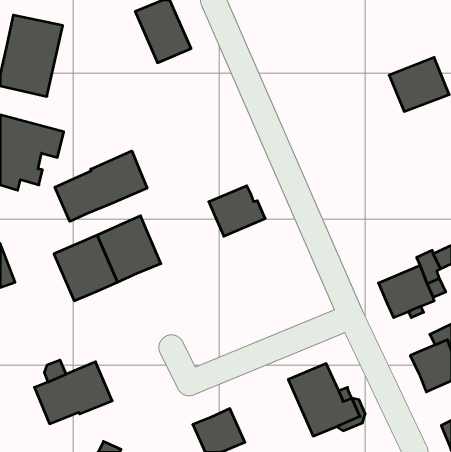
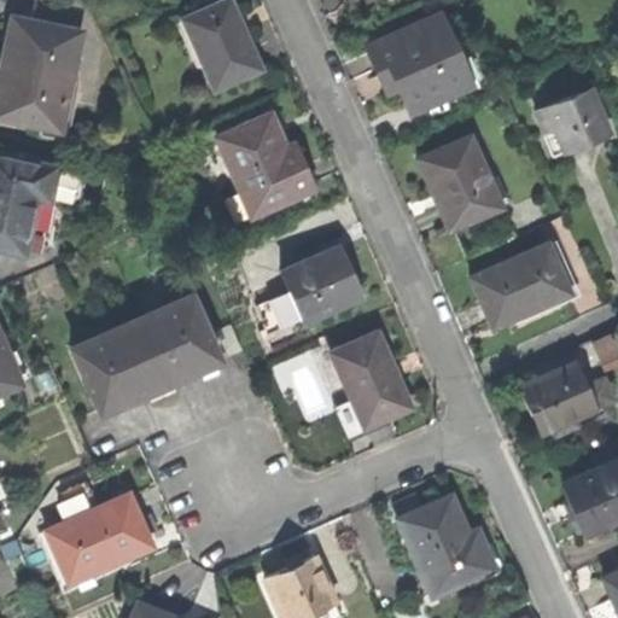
building: none -> [365,16,470,113]
building: none -> [221,115,316,218]
building: none -> [418,136,500,229]
building: [55,151,147,221] -> none
building: none -> [471,245,569,328]
building: none -> [258,295,307,338]
building: none -> [336,334,410,424]

